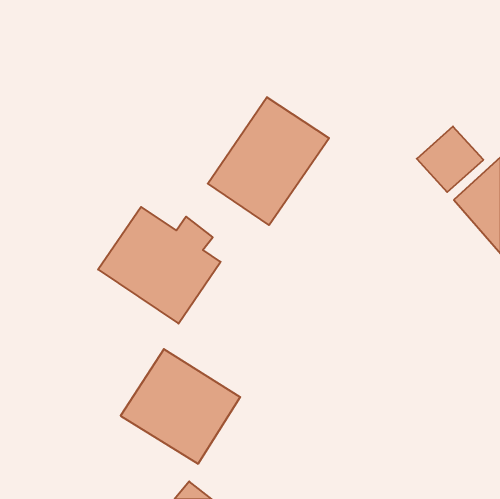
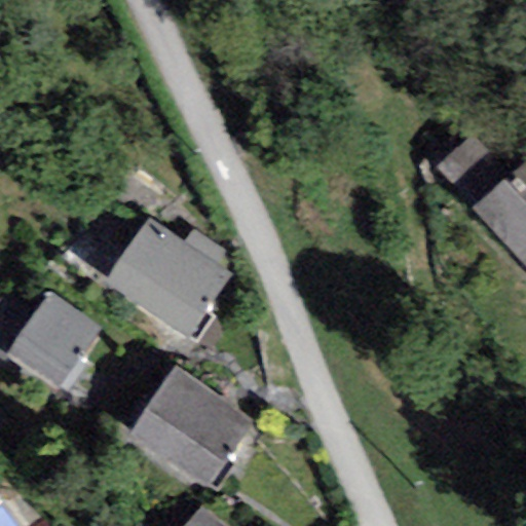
building: [208,97,329,225] -> none
building: none -> [7,294,100,387]

